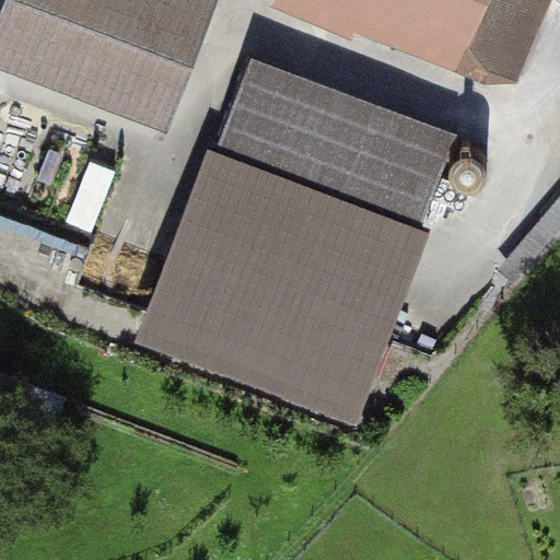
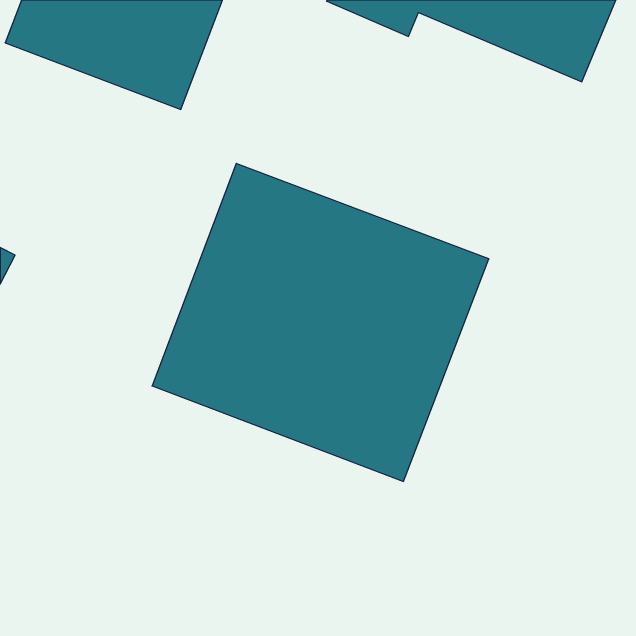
building: [211,59,448,223] -> none

